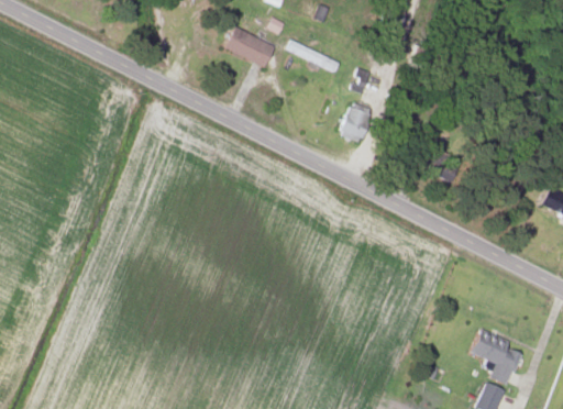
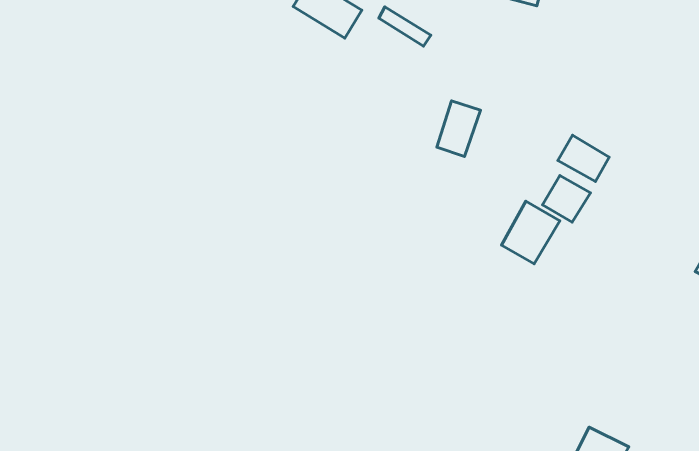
building: none -> [558,135,609,181]
building: none -> [502,201,560,264]

